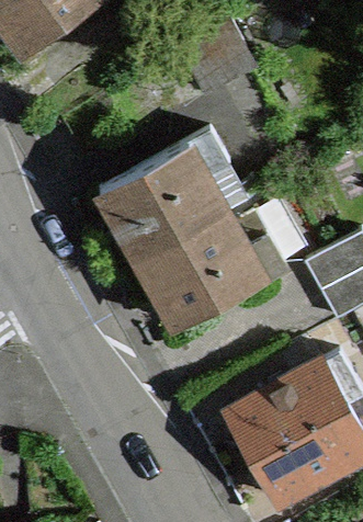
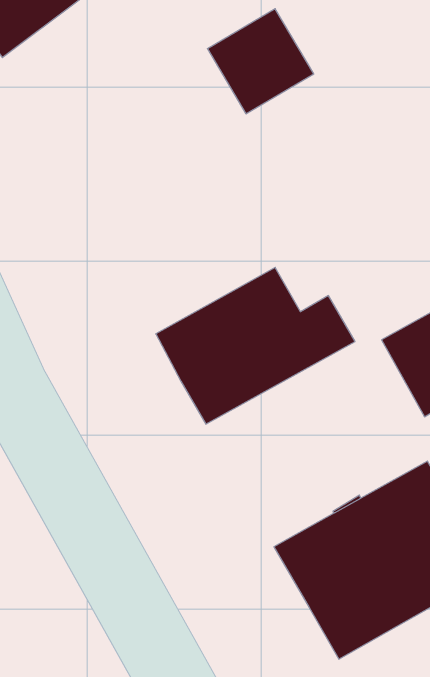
building: [100,129,229,259] -> none

